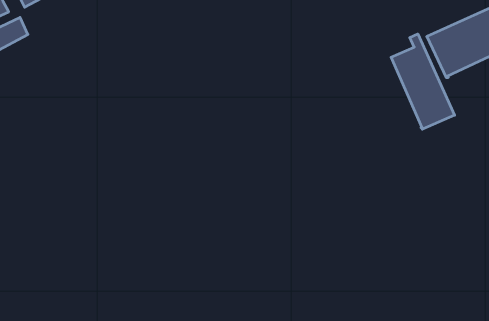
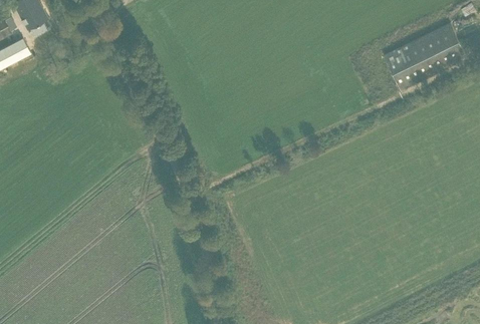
building: [391,34,455,129] -> none

